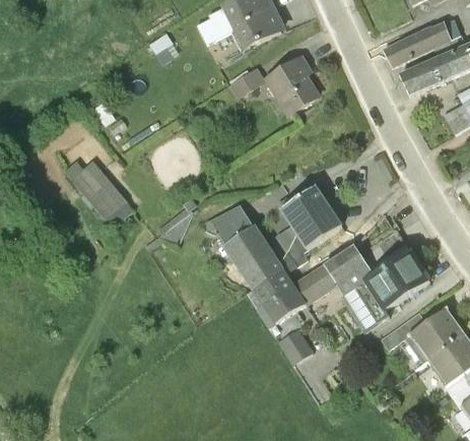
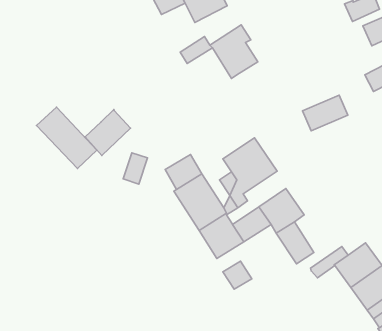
building: [382,28,429,67] -> none
building: [399,54,452,96] -> [302,95,348,131]
building: none -> [85,110,130,155]
building: [362,251,429,312] -> none

